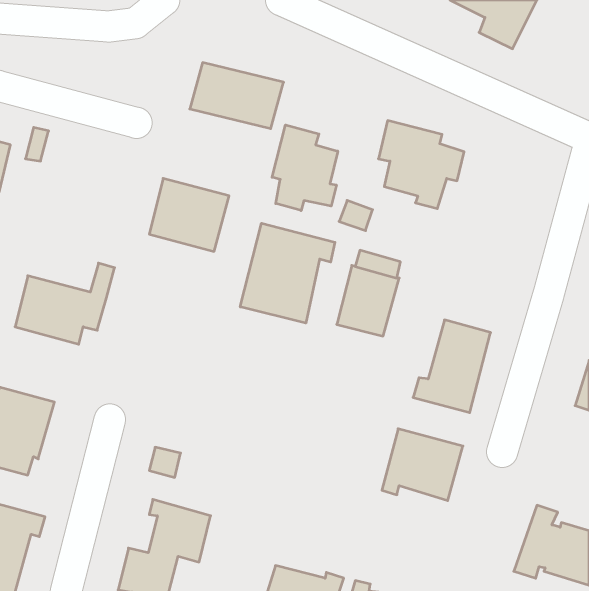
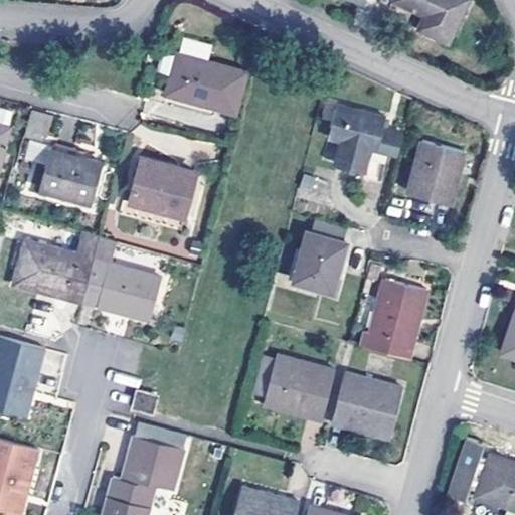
building: [272,125,338,211] -> none
building: none -> [407,142,464,206]
building: none -> [40,149,99,202]
building: [240,223,335,323] -> none
building: none -> [84,260,161,321]
building: none -> [265,354,334,422]

